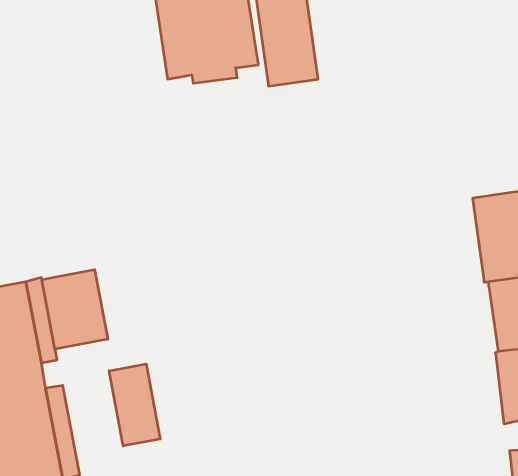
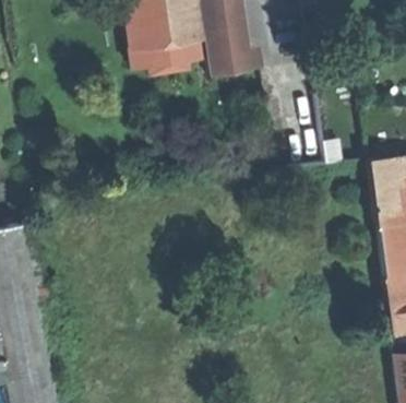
building: [42,270,108,349] -> none
building: [109,364,160,446] -> none

